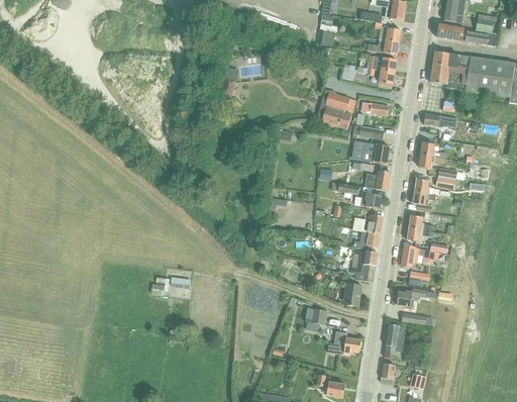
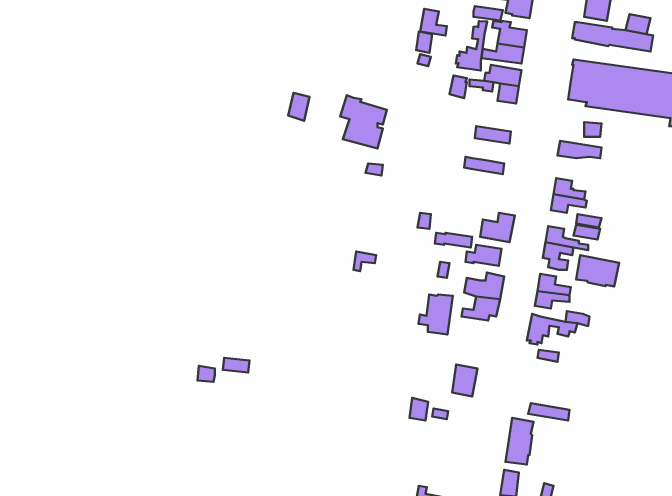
building: none -> [456,21,487,71]
building: [319,89,354,129] -> [340,95,387,148]
building: [359,142,389,164] -> none
building: none -> [576,255,619,287]
building: [350,250,377,281] -> [418,295,453,335]
building: [396,288,435,306] -> none
building: [327,332,360,356] -> none

